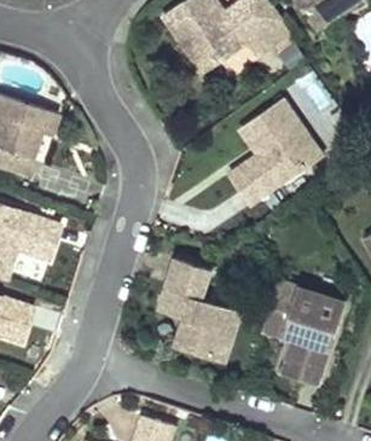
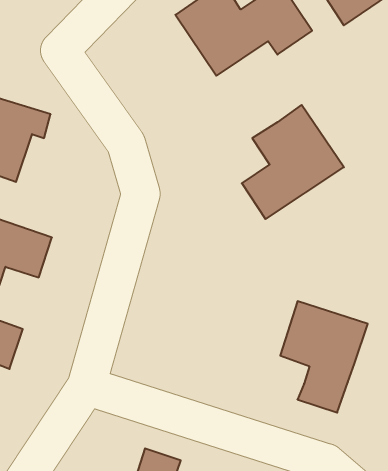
building: [152,259,238,359] -> none

